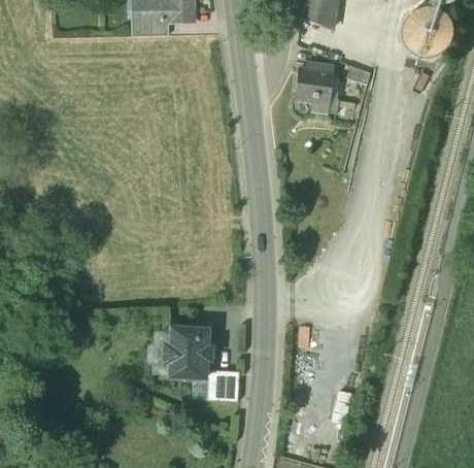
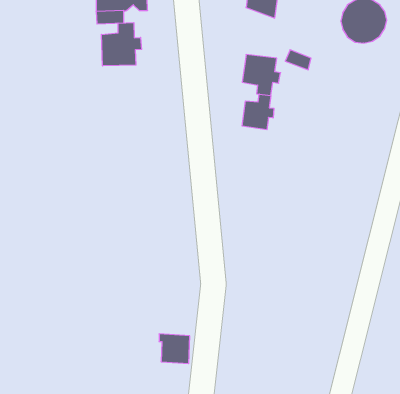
building: none -> [101,23,142,66]
building: none -> [242,94,274,130]
building: [164,326,211,377] -> none

